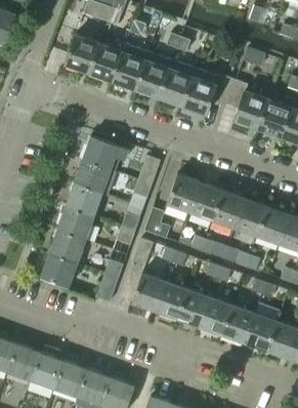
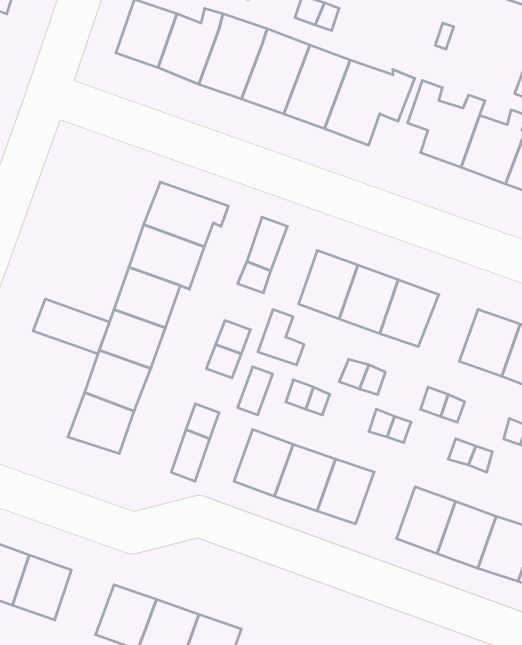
building: [233,199,266,236] -> none
building: none -> [33,299,109,354]
building: [199,297,231,334] -> none
building: [32,352,65,387] -> none

